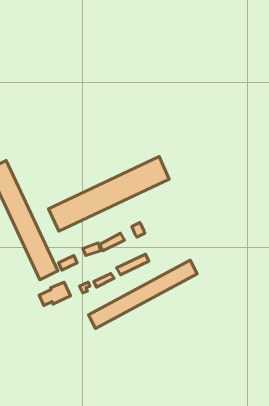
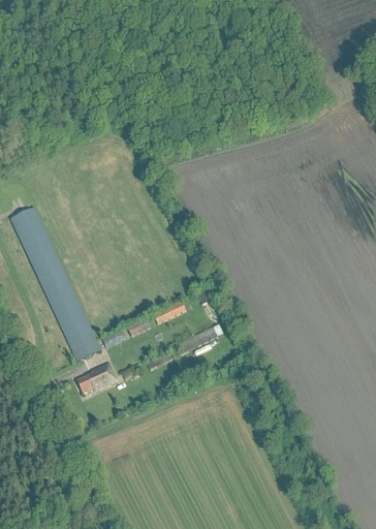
building: [49,157,169,231] -> none
building: [89,260,197,329] -> none

